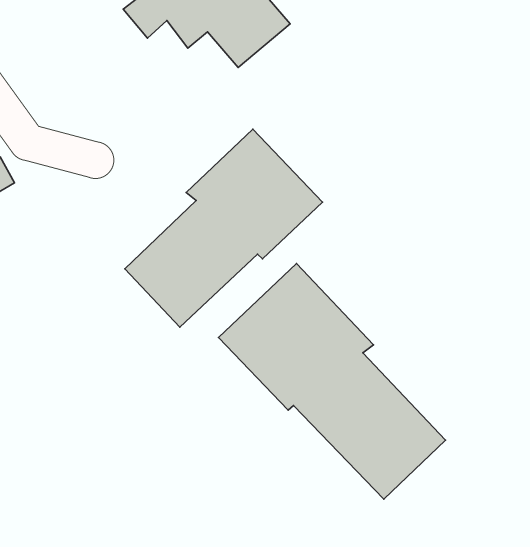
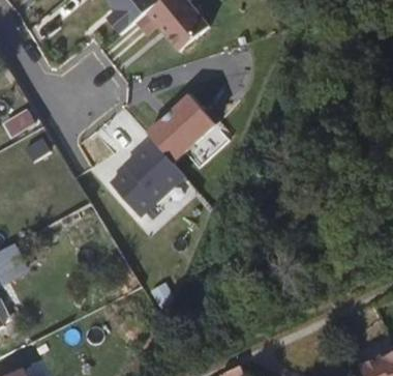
building: [219,264,446,499] -> none

